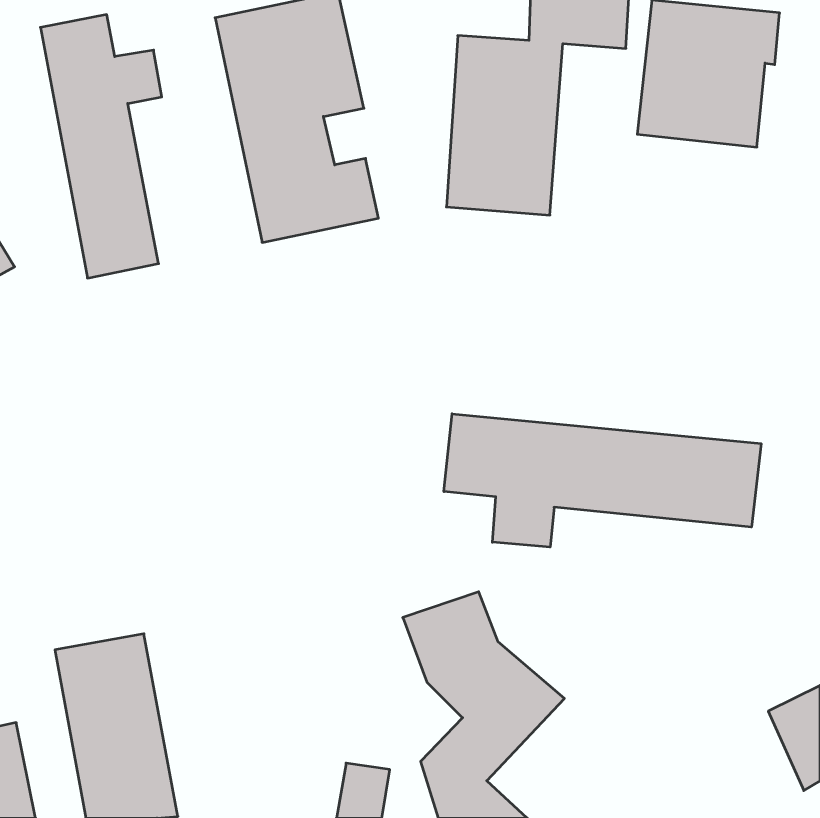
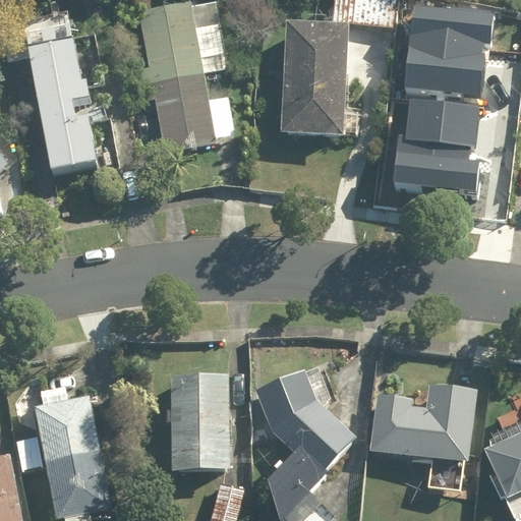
building: none -> [389,94,476,190]
building: [444,414,761,547] -> none
building: none -> [168,377,229,473]
building: none -> [373,385,477,489]

